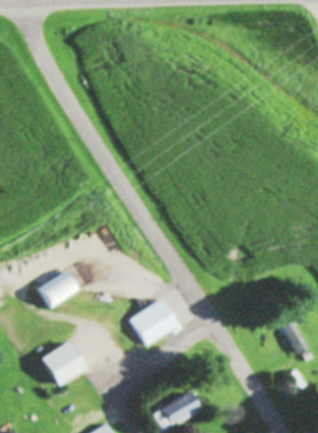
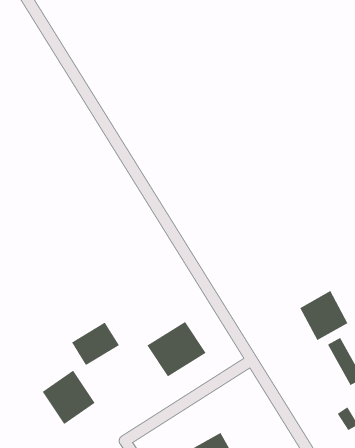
building: [40,270,80,307] -> [71,322,120,366]
building: none -> [299,290,348,341]

